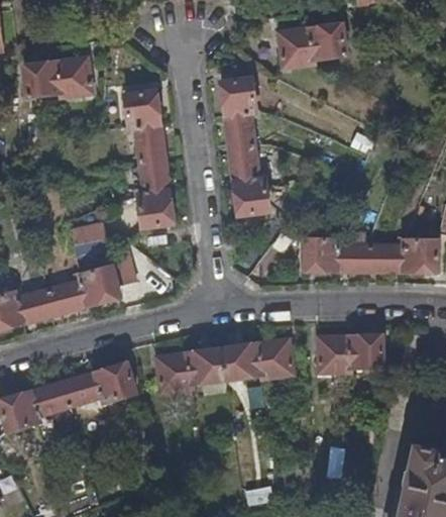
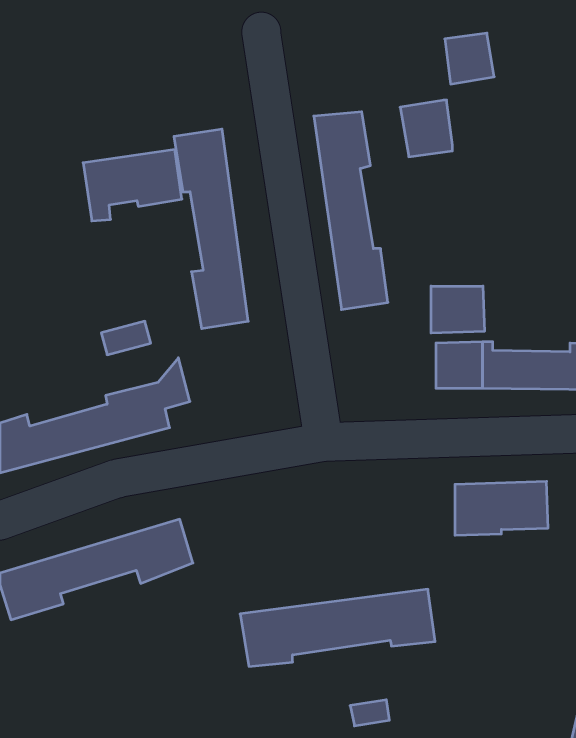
building: [277,28,314,68] -> [400,100,452,157]
building: [23,59,92,108] -> [83,150,182,221]
building: none -> [431,286,484,333]
building: [156,338,292,392] -> [240,589,435,666]

